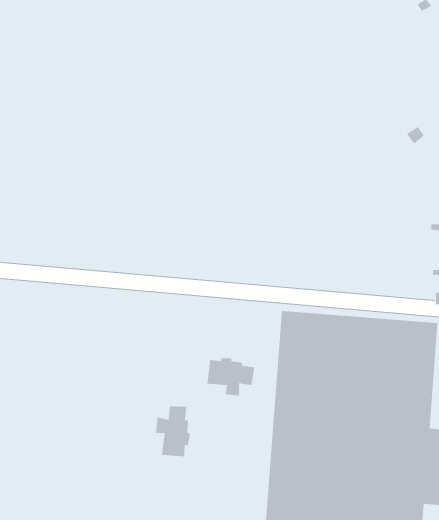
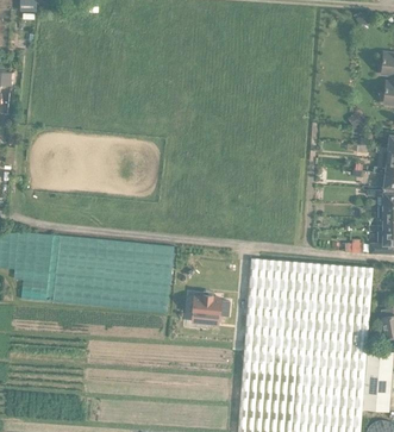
building: [155,406,190,457] -> none

